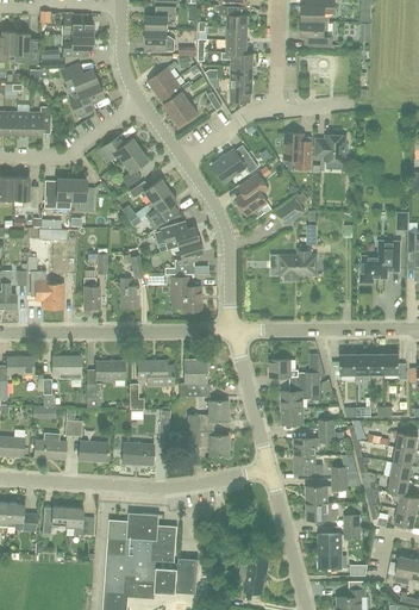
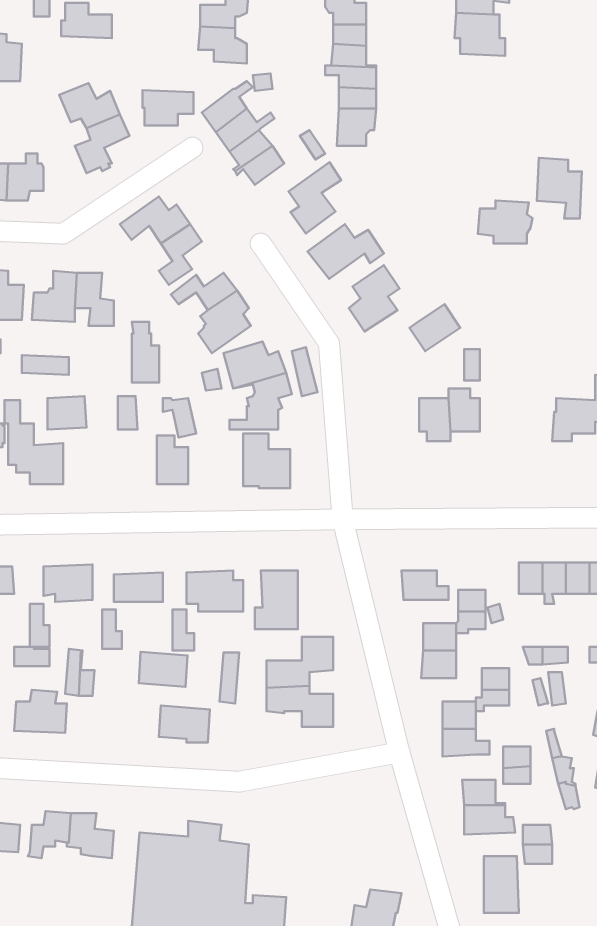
building: [62,33,93,55] -> [142,90,193,126]
building: none -> [289,162,341,234]
building: [284,131,312,168] -> [537,158,582,218]
building: [83,269,100,306] -> [132,322,159,383]
building: [77,440,107,461] -> [139,652,188,687]

